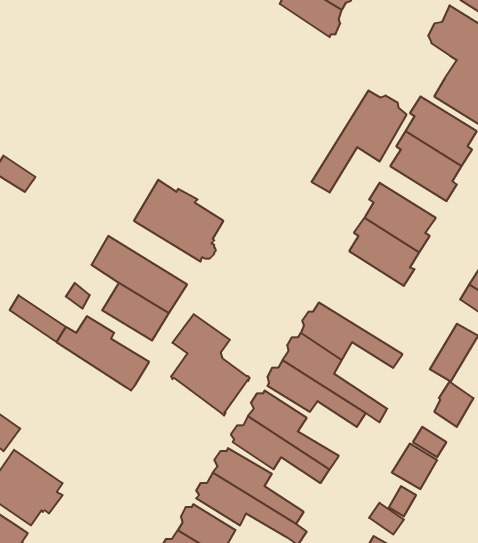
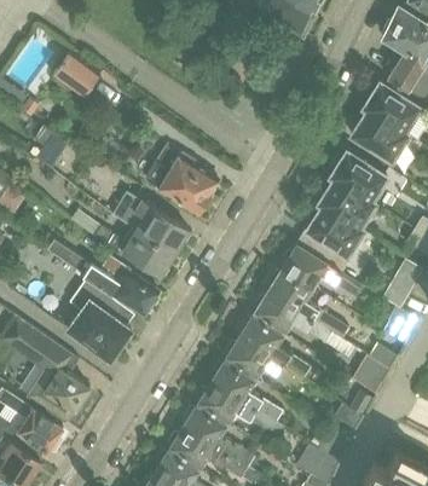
building: none -> [53,56,100,100]
building: [312,90,406,193] -> none
building: none -> [306,206,362,273]
building: [171,314,250,416] -> [68,282,131,363]

